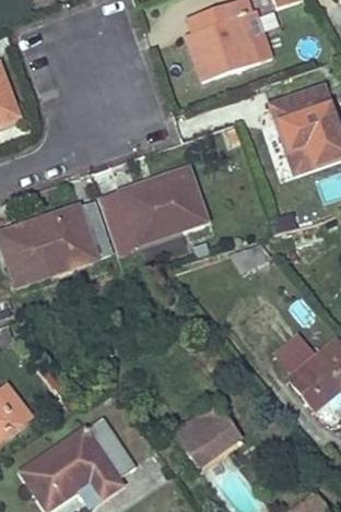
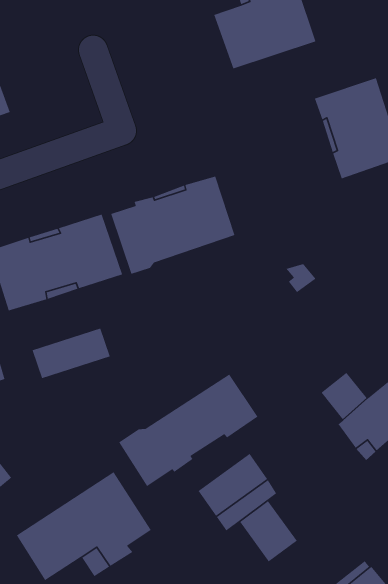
building: none -> [32,328,111,379]
building: none -> [118,374,258,487]
building: none -> [239,500,298,563]

